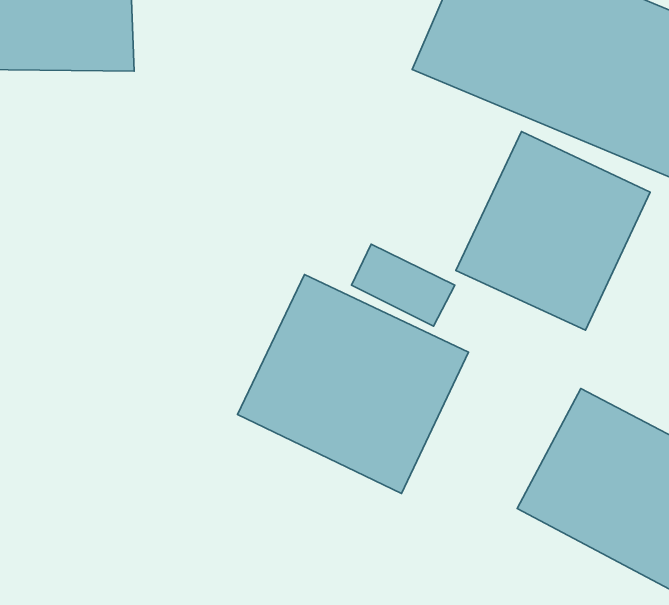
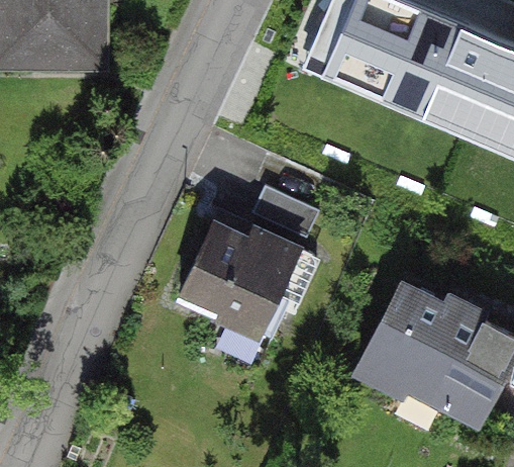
building: [456,131,650,330] -> none

